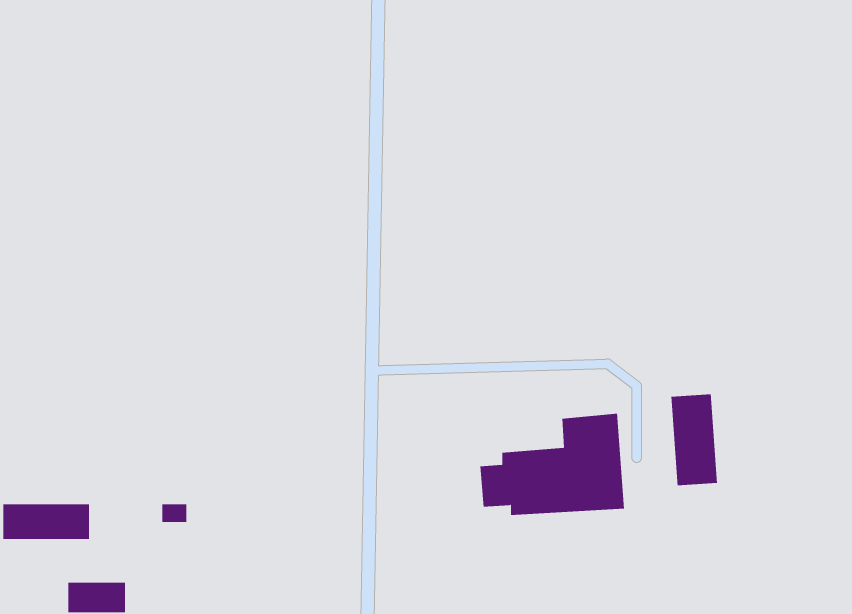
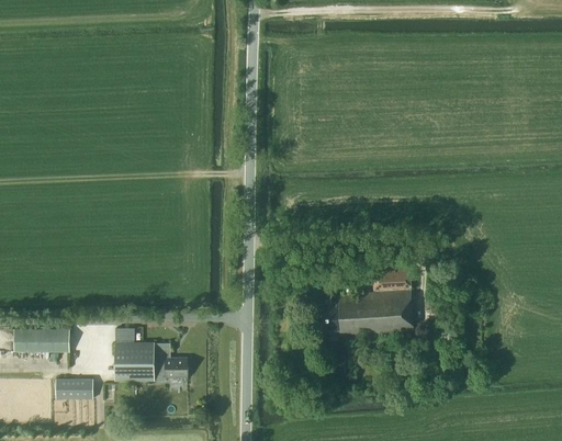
building: [671,393,717,486] -> none
building: none -> [115,342,189,381]

